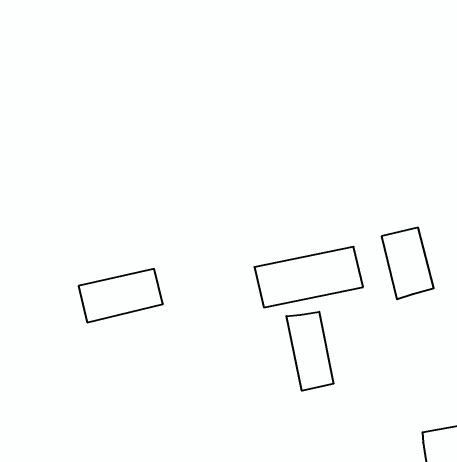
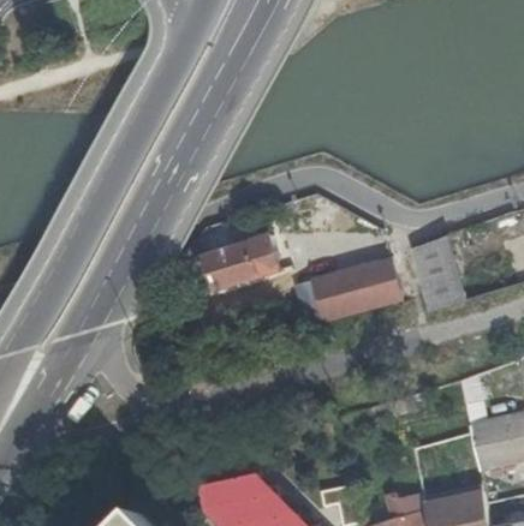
building: [79,269,163,322] -> [198,233,281,289]
building: [286,312,333,391] -> none

